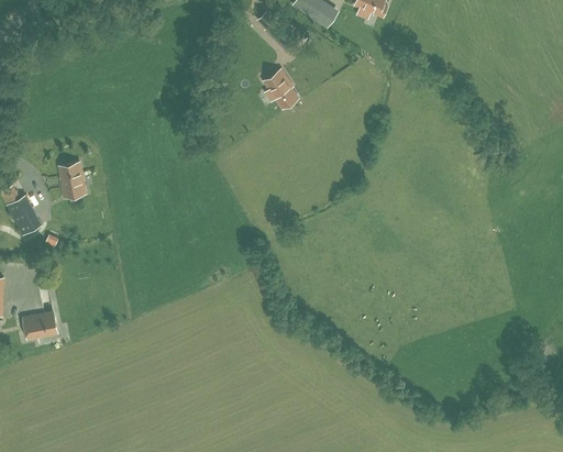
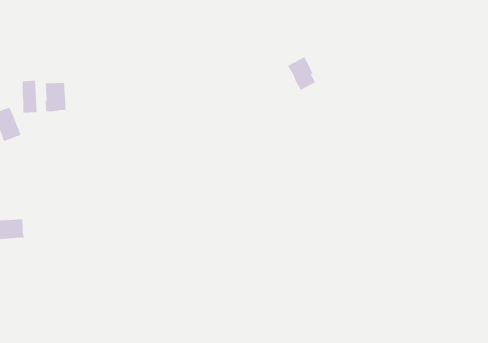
building: [263,69,296,107] -> [287,56,316,91]
building: none -> [22,80,38,114]

